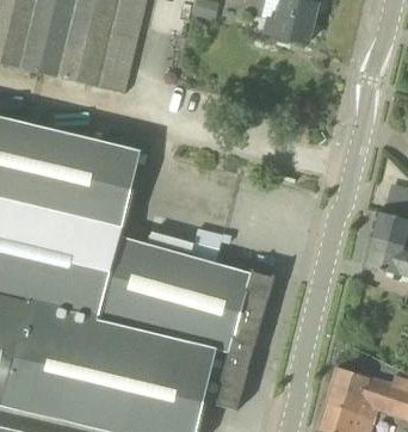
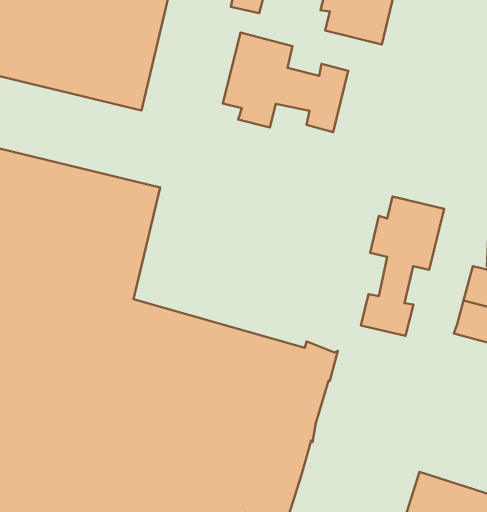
building: none -> [223,33,348,132]
building: none -> [361,196,444,336]

